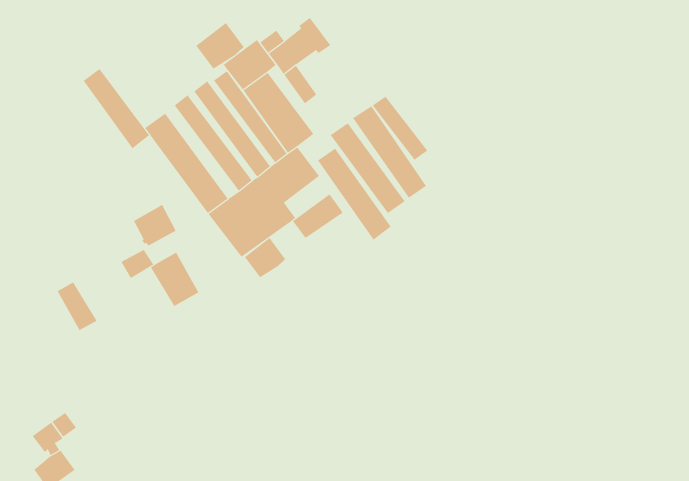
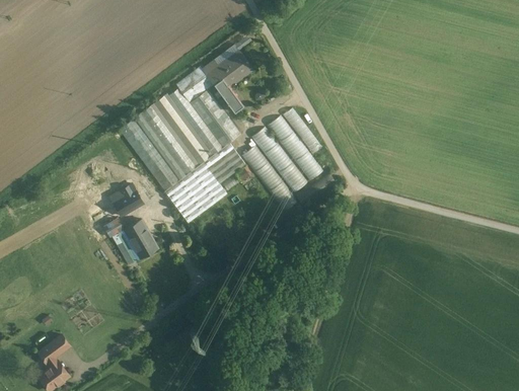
building: [195,22,245,70] -> none
building: [83,68,150,149] -> none
building: [292,193,343,239] -> none
building: [244,237,287,278] -> none
building: [57,281,98,331] -> [110,230,140,265]

